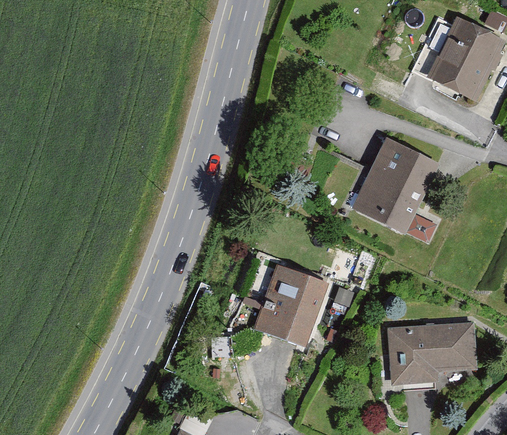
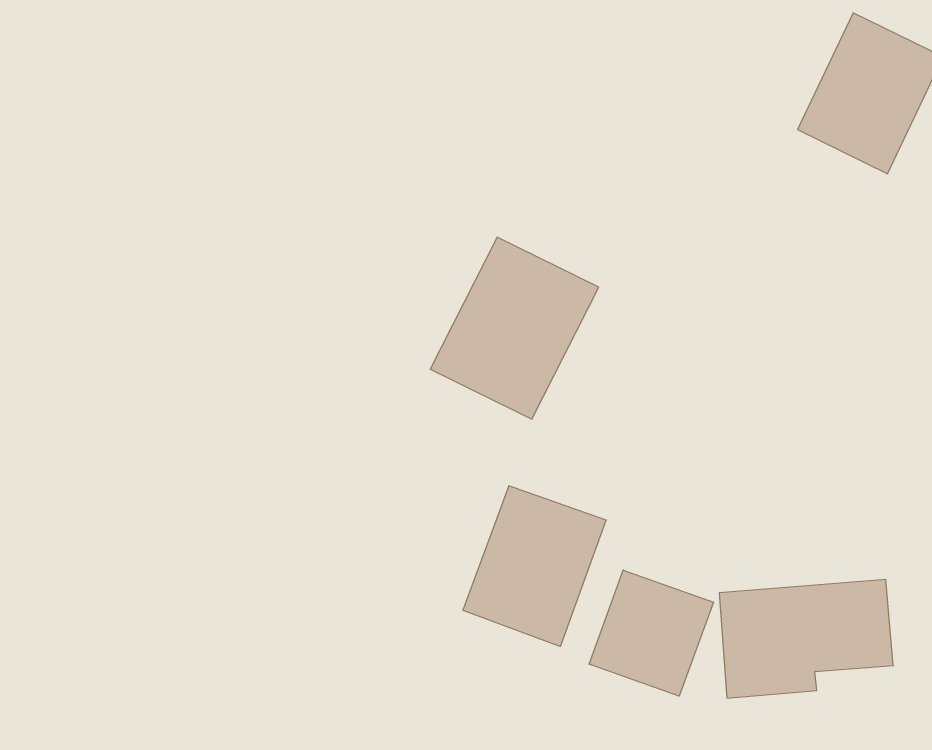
building: [352,139,440,234] -> [430,237,599,419]
building: none -> [589,570,713,696]

